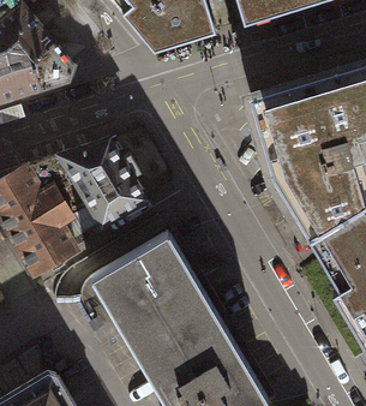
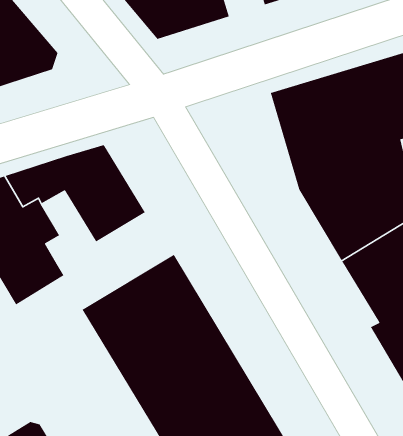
building: [58,181,103,244] -> none

